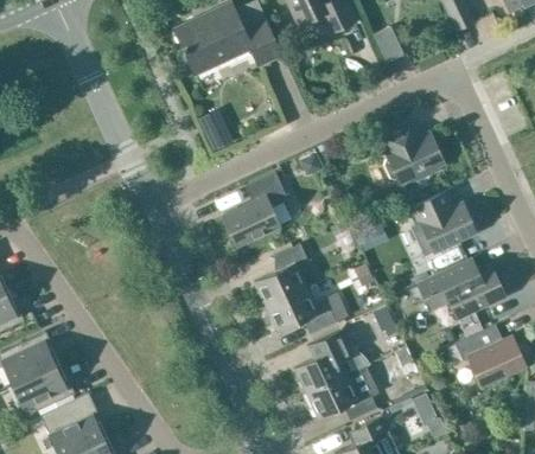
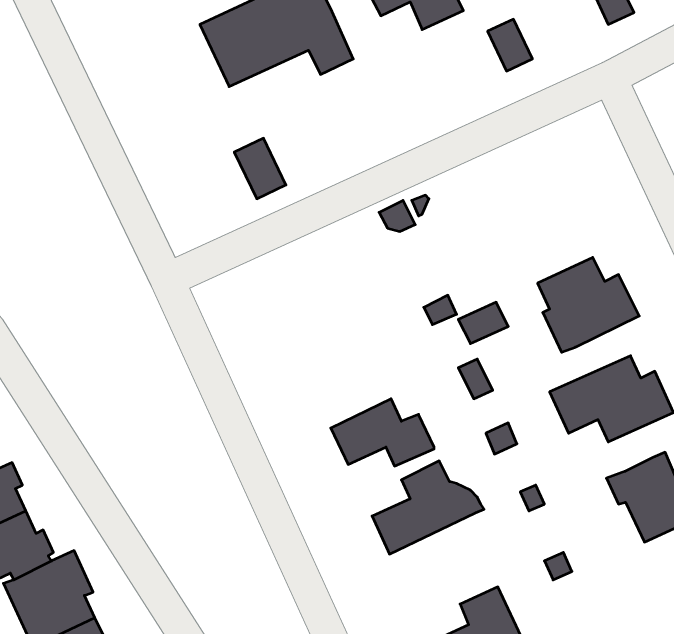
building: [382,123,444,184] -> none
building: [223,172,288,247] -> none
building: [254,244,312,308] -> none
building: [306,366,378,421] -> none

